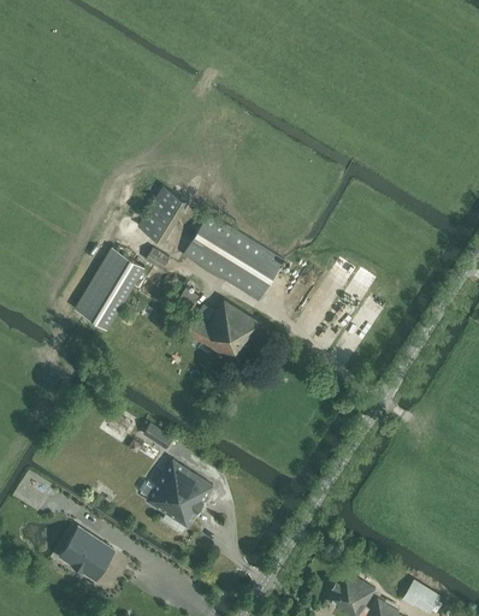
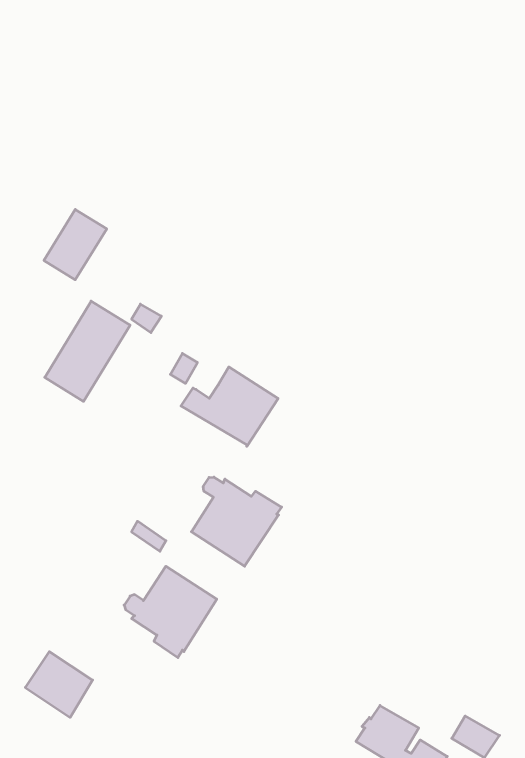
building: [137,186,188,243] -> [44,209,107,280]
building: [183,214,284,302] -> none
building: none -> [191,477,282,566]

